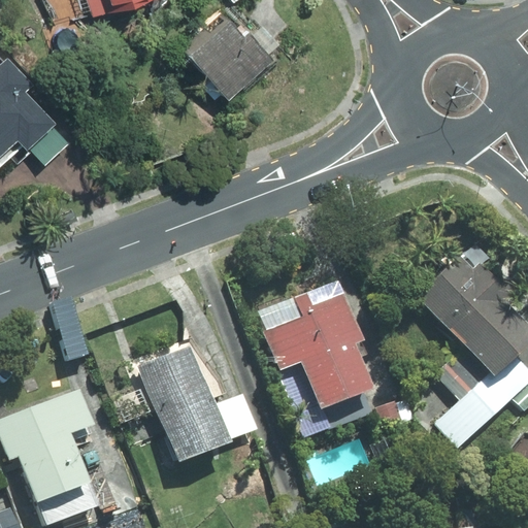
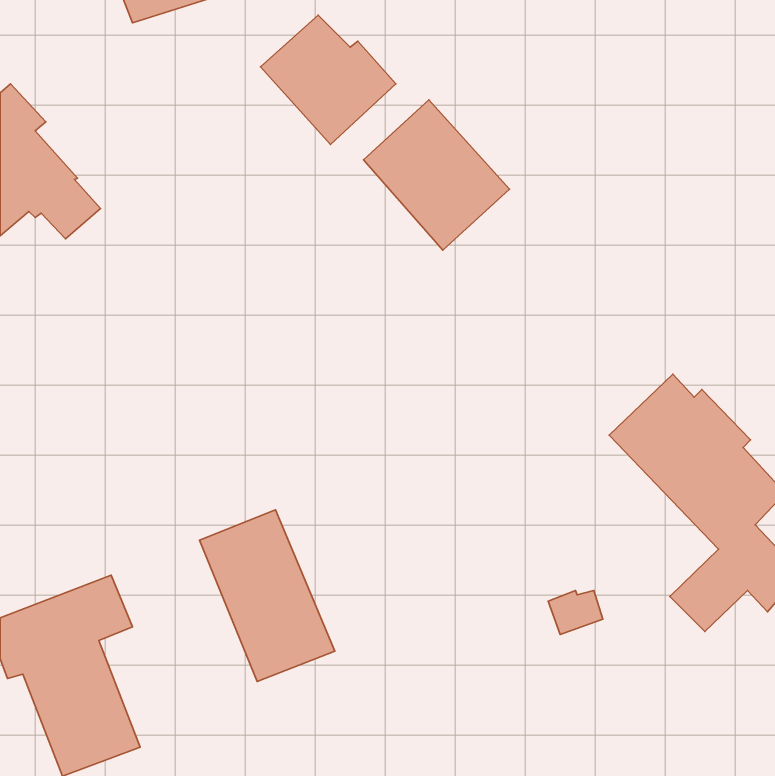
building: none -> [363,100,509,250]
building: [264,278,371,406] -> none

